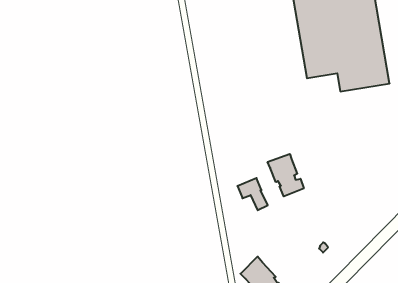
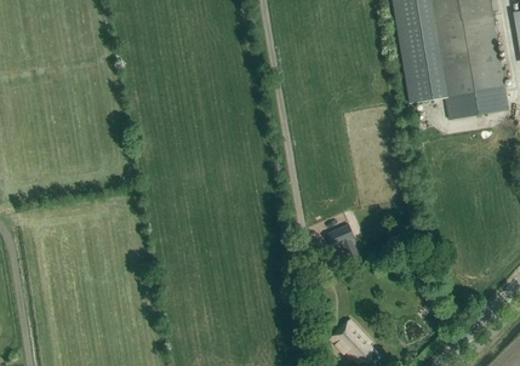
building: [268,154,304,196] -> none

